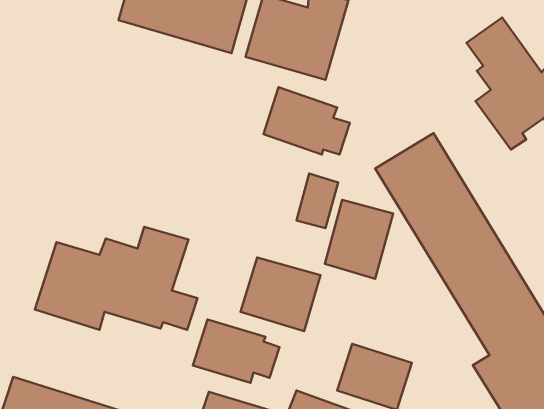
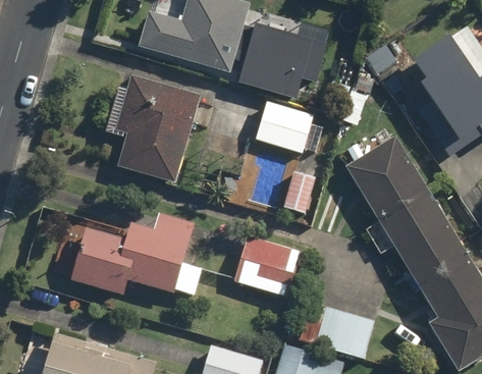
building: none -> [114,77,200,183]
building: [325,200,393,279] -> none
building: [193,320,280,383] -> none

